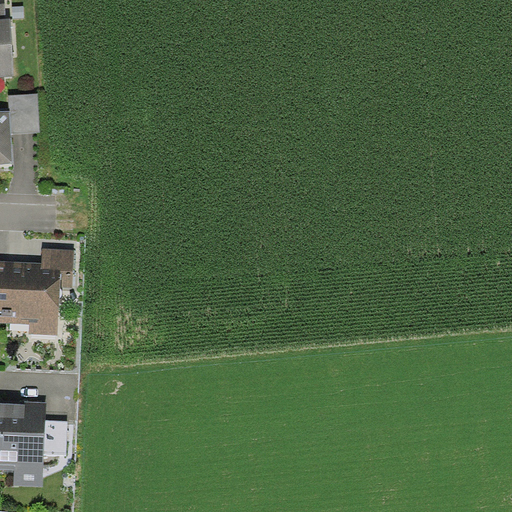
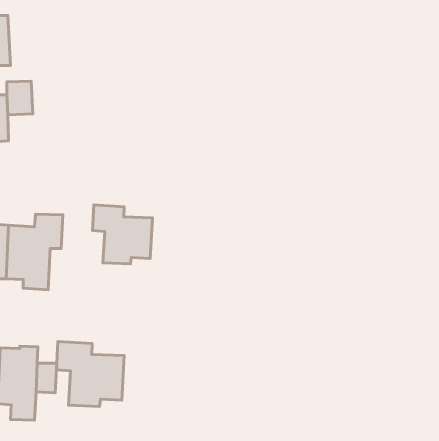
building: none -> [93,205,153,264]
building: none -> [57,342,124,406]

